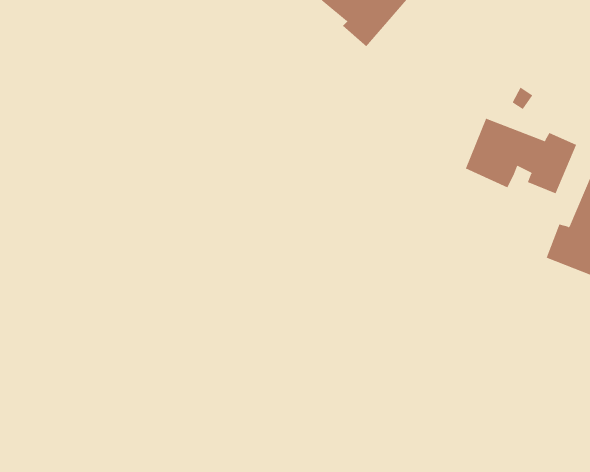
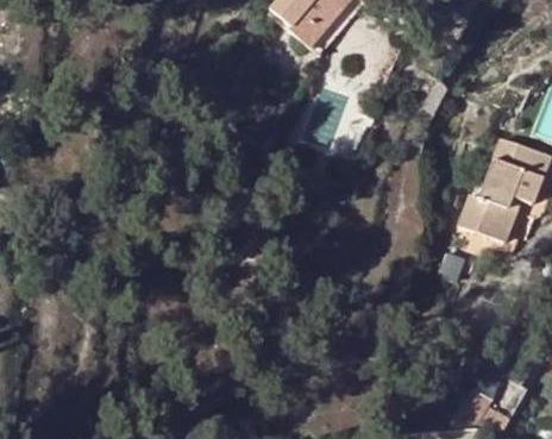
building: [465,118,577,194] -> none

